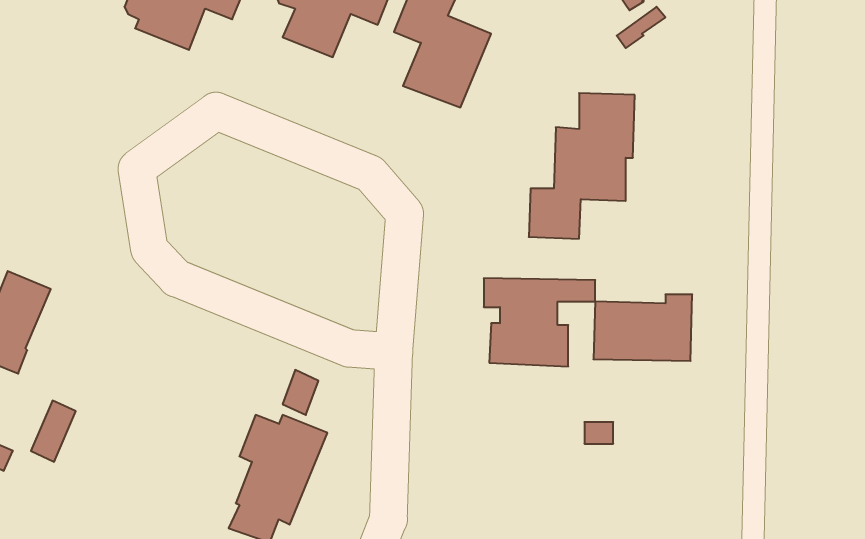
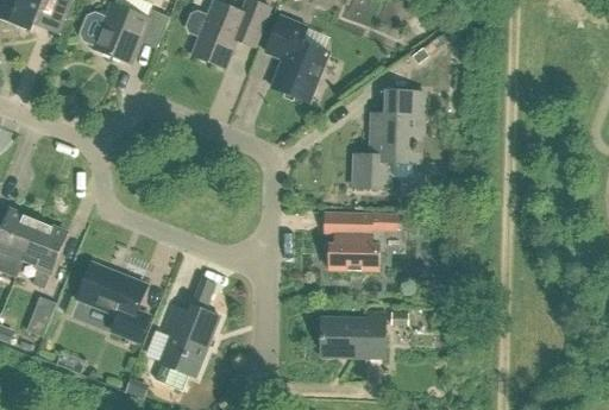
building: none -> [21,220,67,286]
building: [593,294,692,361] -> [321,311,387,355]
building: none -> [79,261,150,340]

